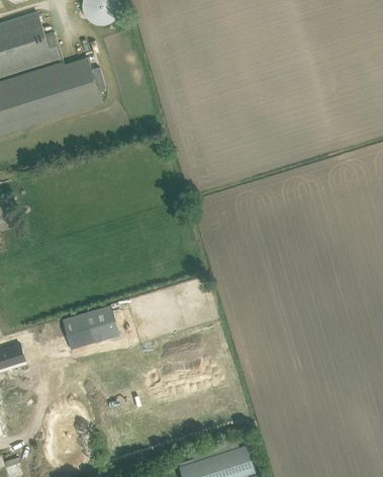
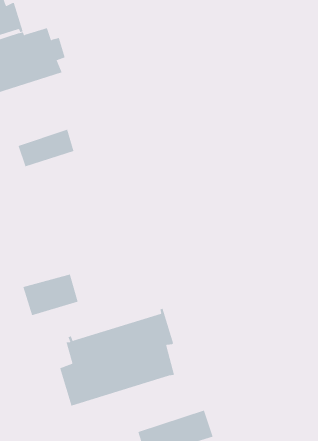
building: none -> [18,129,74,167]
building: none -> [60,308,175,406]

